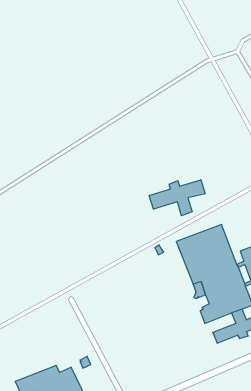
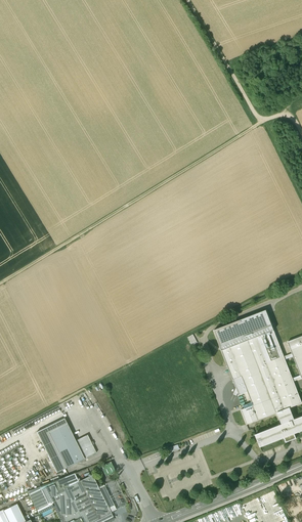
building: [149,180,205,216] -> none
building: none -> [38,419,96,473]

